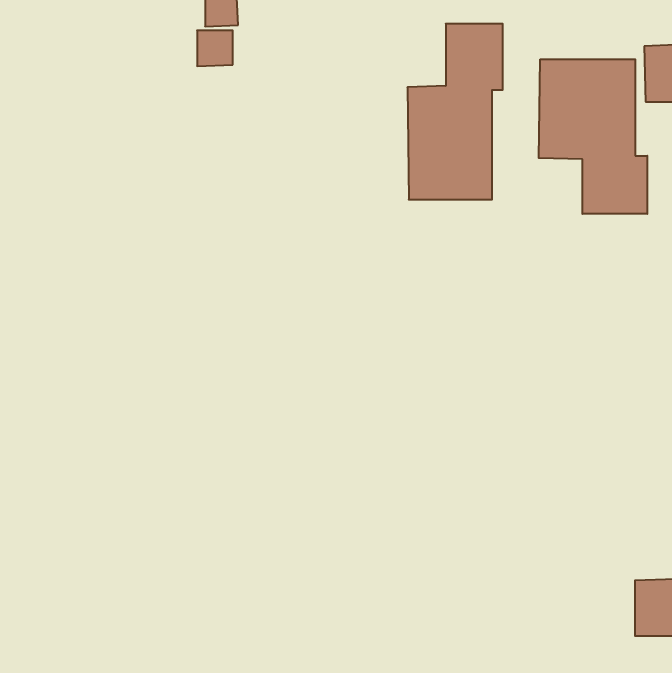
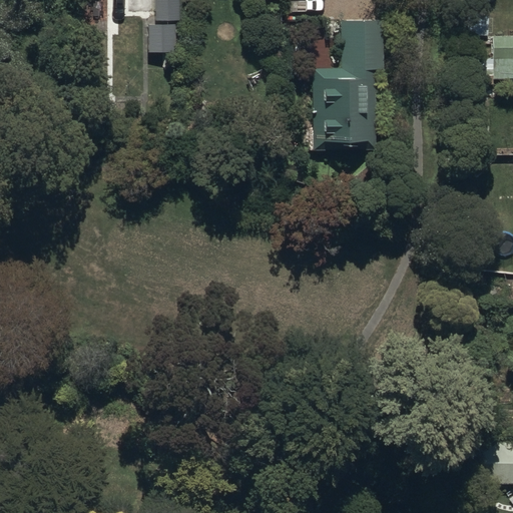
building: [539,59,647,214] -> none

